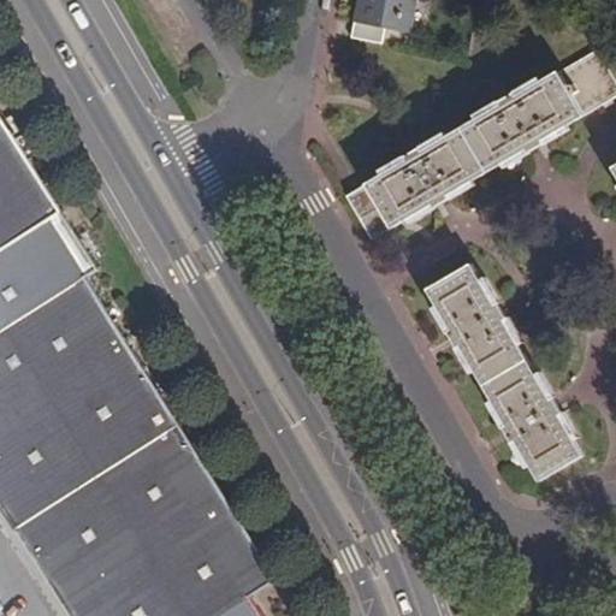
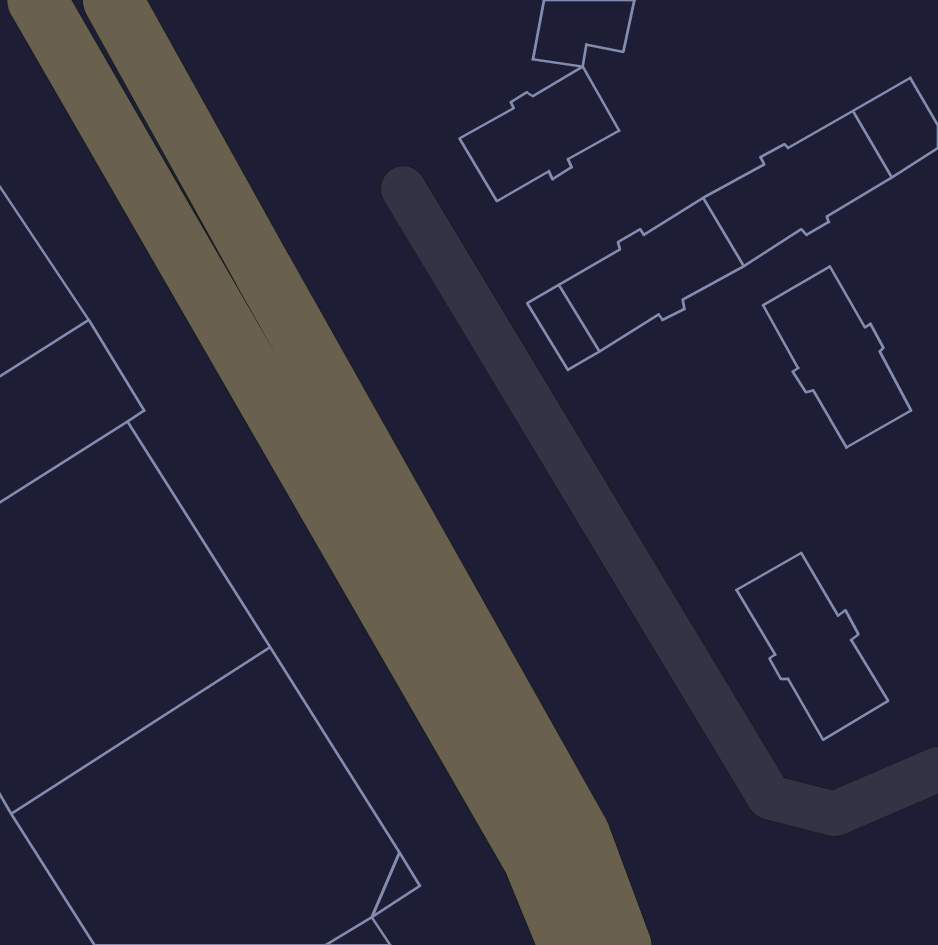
building: none -> [460,67,619,201]
building: [425,266,521,384] -> [763,266,911,448]

